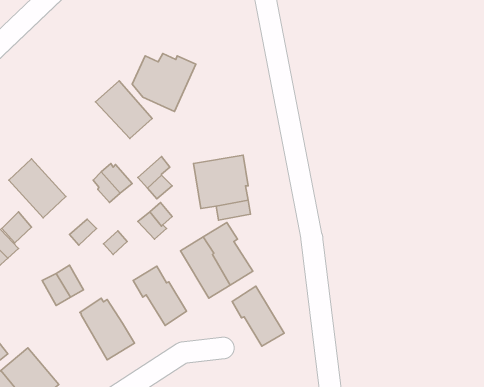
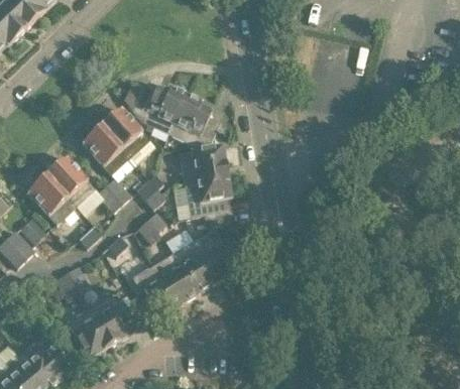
building: none -> [168,94,220,145]
building: none -> [82,126,130,174]
building: none -> [180,145,227,178]
building: none -> [46,157,96,207]
building: [232,286,284,346] -> [153,253,198,304]
building: none -> [66,307,111,359]

